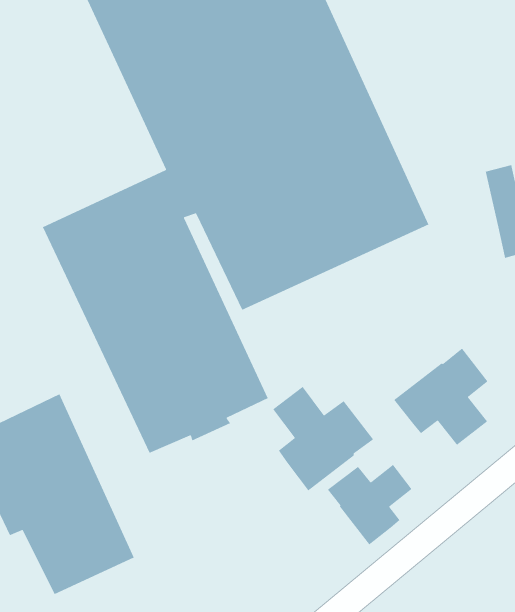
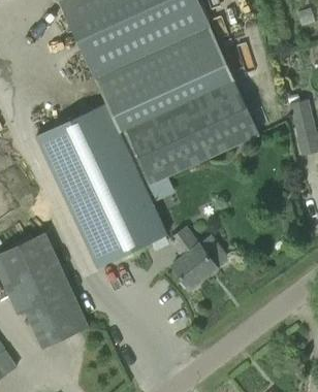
building: [393,347,488,446] -> none
building: [327,464,413,546] -> none

